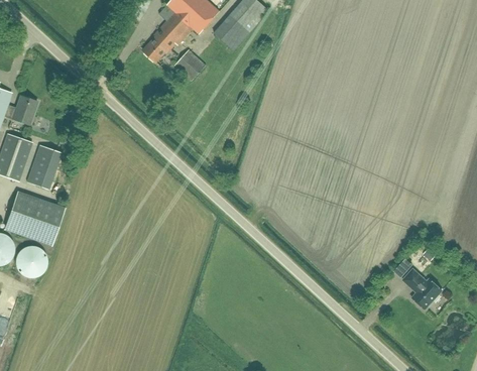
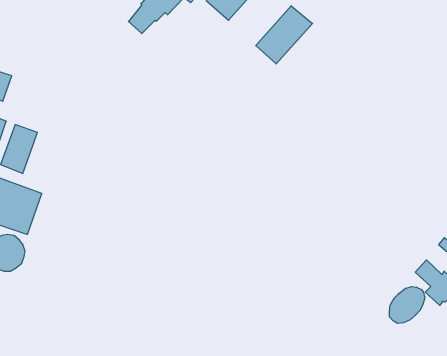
building: none -> [256,6,313,64]
building: [174,49,206,81] -> none
building: none -> [390,287,425,323]

